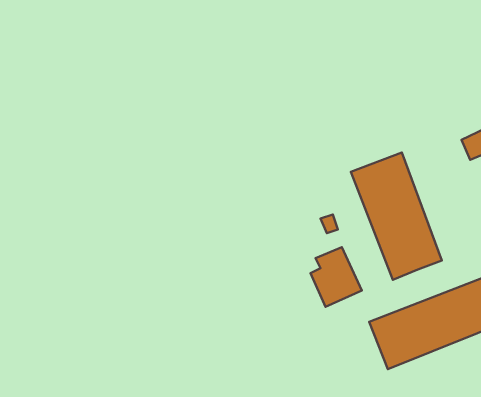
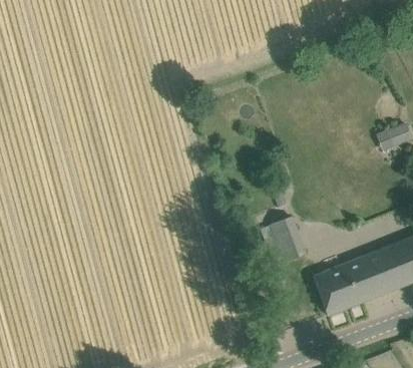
building: [351,152,442,280] -> none

